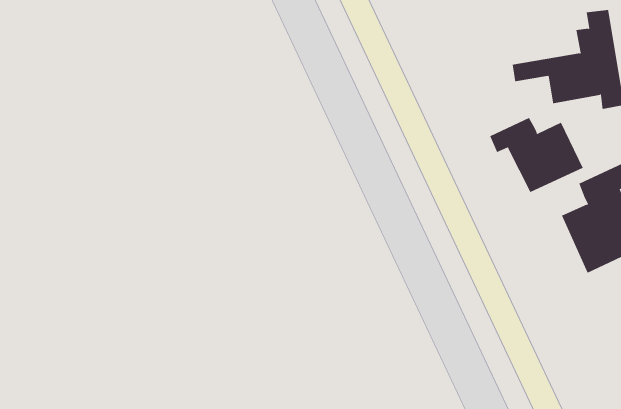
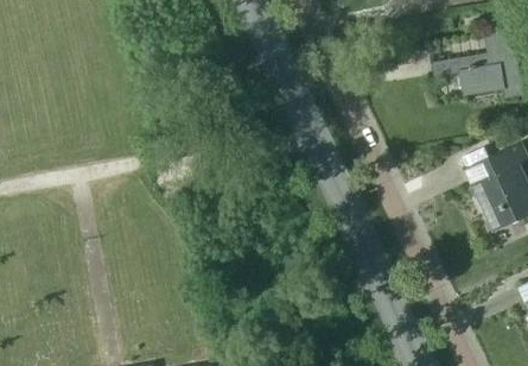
building: [489,117,584,193] -> none

